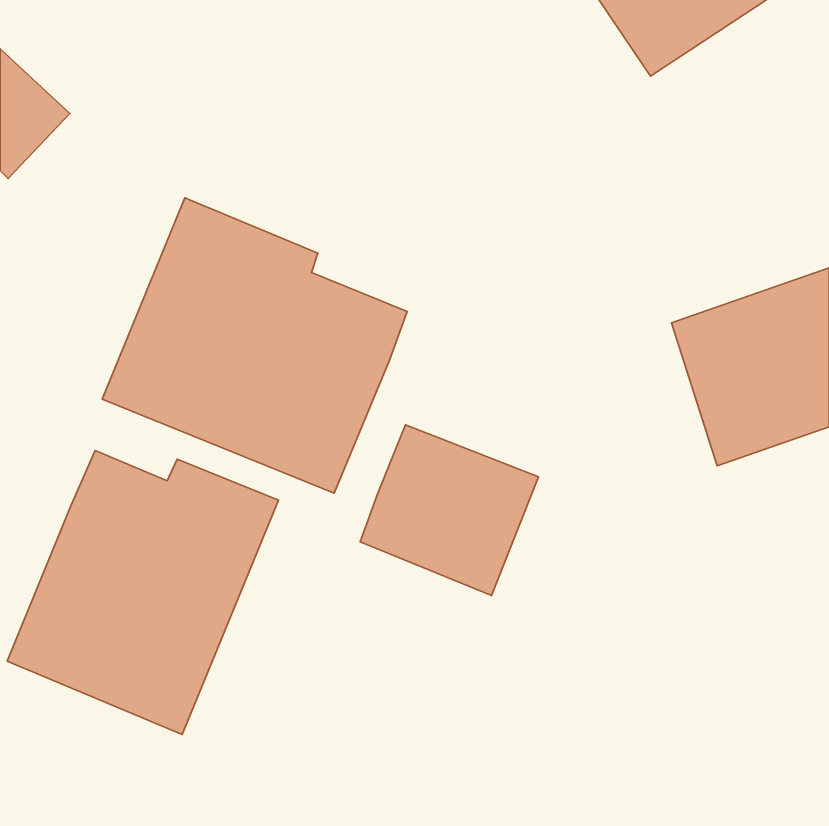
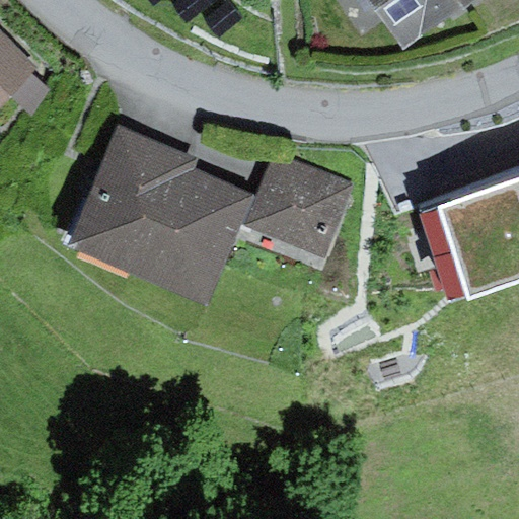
building: [360,425,539,595] -> [243,152,355,258]
building: [7,451,278,735] -> none

